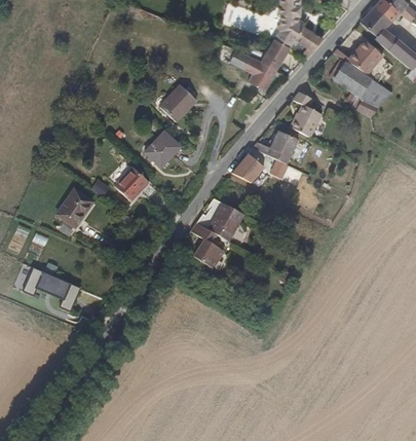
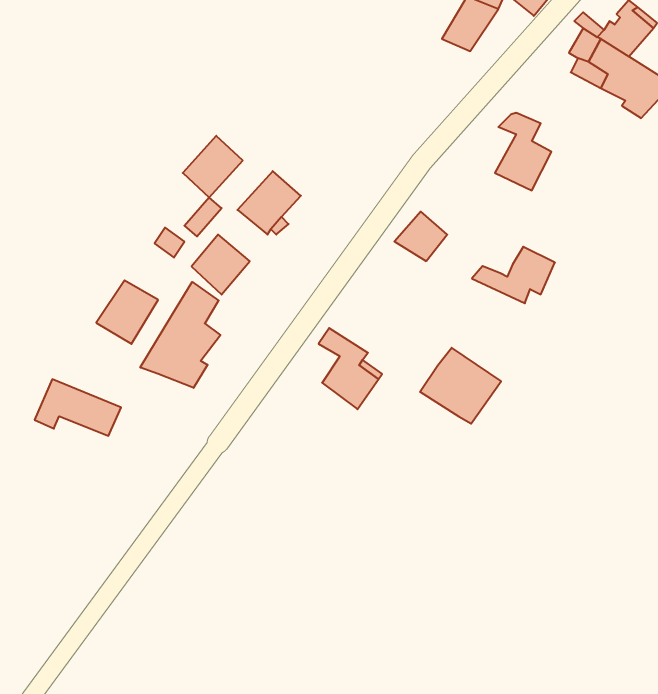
building: [234,49,282,83] -> none
building: [164,90,199,126] -> [183,136,243,198]
building: [249,140,297,173] -> [472,247,555,303]
building: none -> [140,282,220,388]
building: [194,201,241,246] -> [420,348,501,424]

